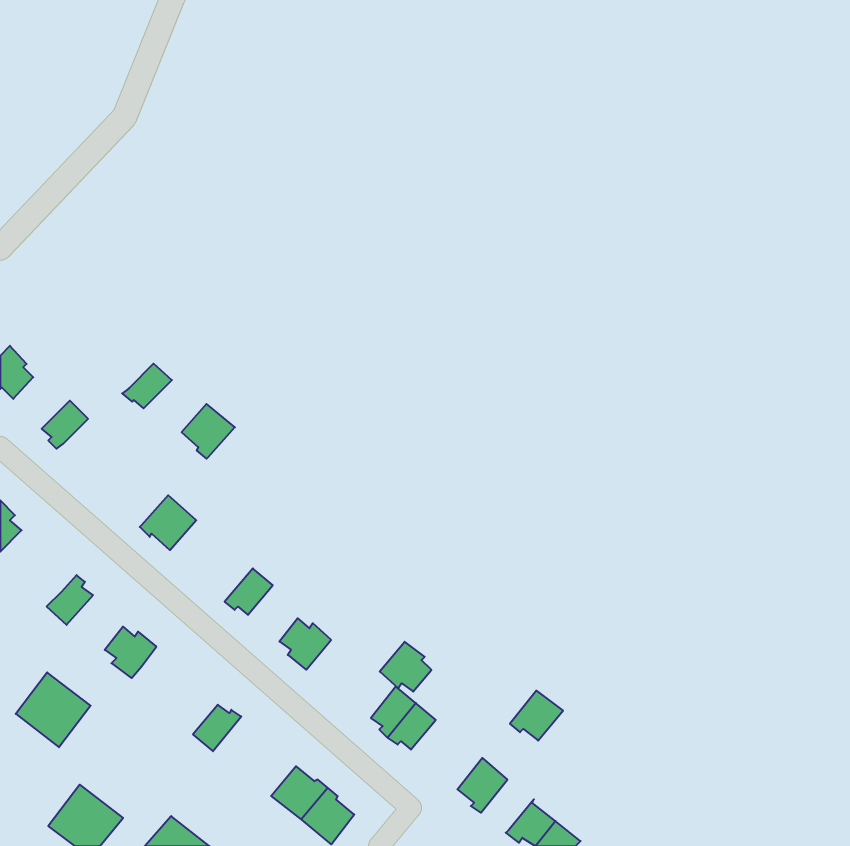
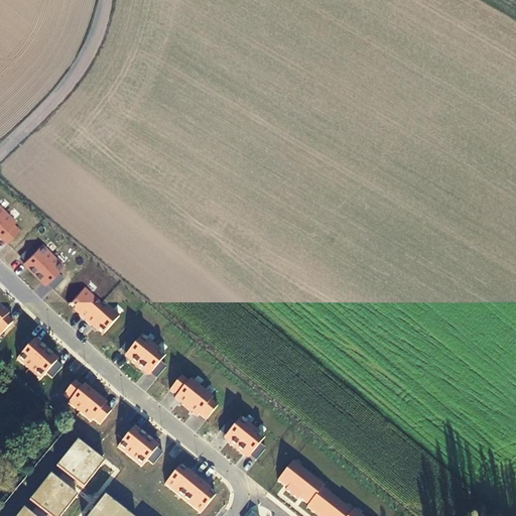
building: [122,364,172,408] -> [34,254,64,281]
building: [182,404,235,459] -> [70,286,102,319]
building: none -> [126,335,153,365]
building: none -> [17,340,46,368]
building: [380,642,431,692] -> [185,388,217,418]
building: none -> [80,393,111,423]
building: [16,672,91,747] -> [56,441,102,487]
building: [510,691,563,741] -> [291,473,324,503]
building: none -> [129,434,156,466]

